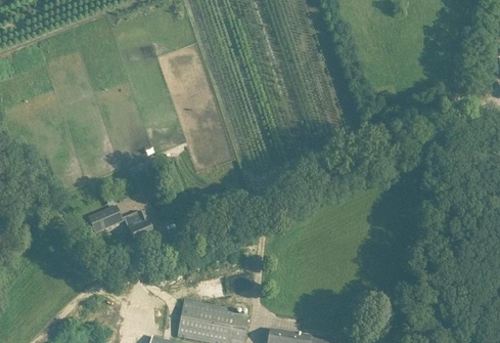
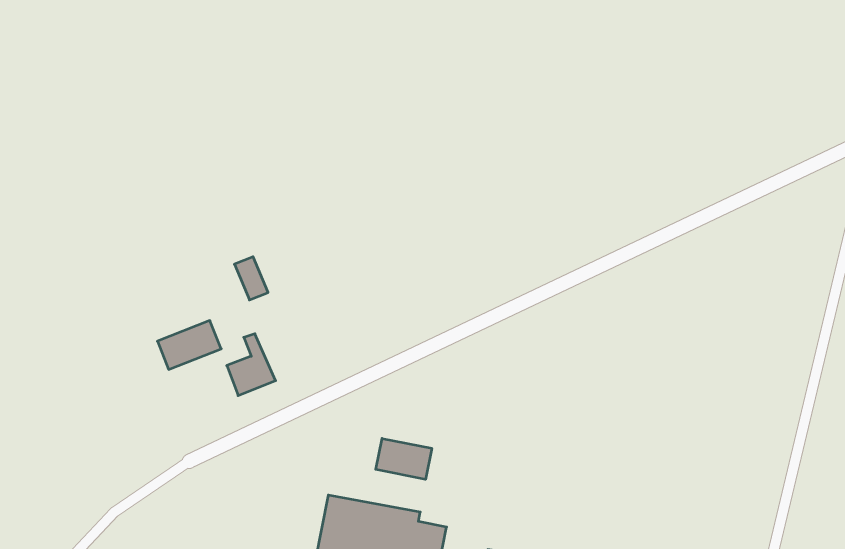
building: none -> [376,438,432,479]

